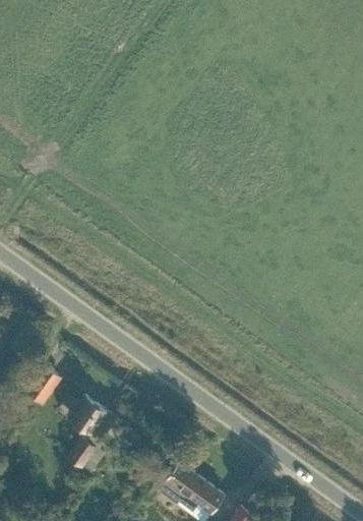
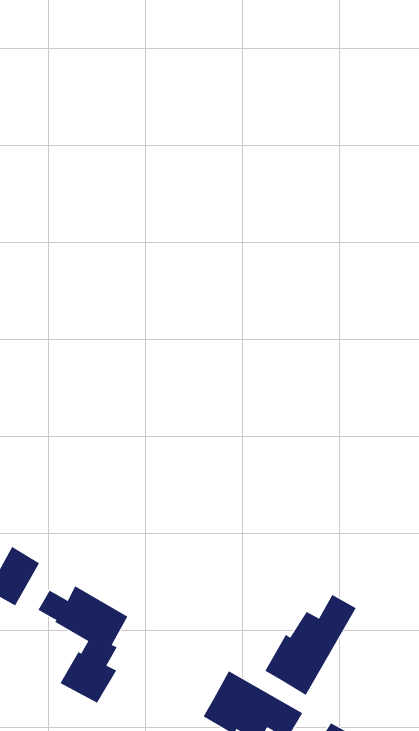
building: none -> [265,594,356,696]

